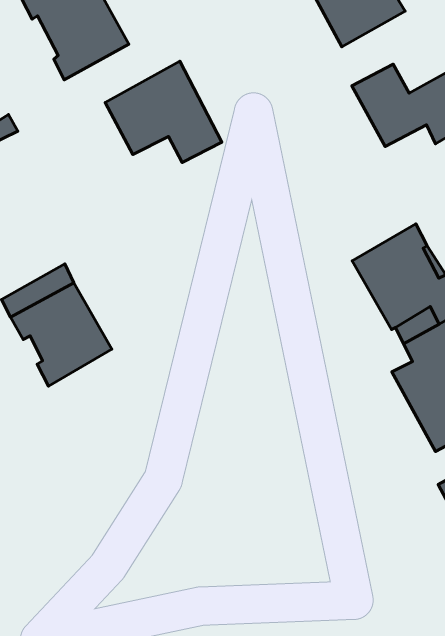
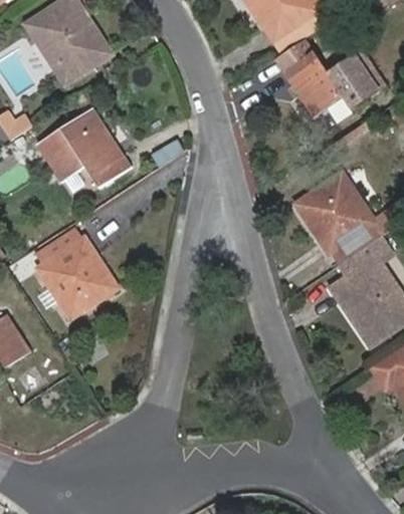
building: [105,61,222,163] -> [37,107,129,185]

